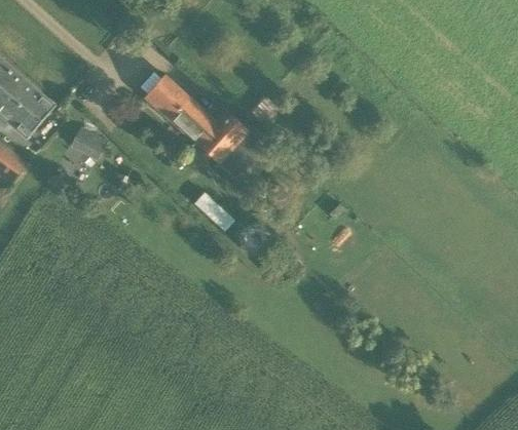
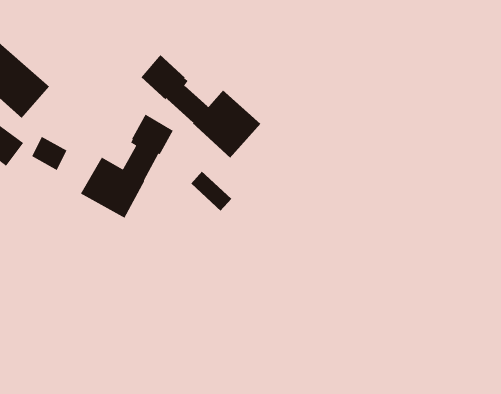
building: [70,124,106,159] -> [31,136,68,171]
building: none -> [80,114,174,219]

